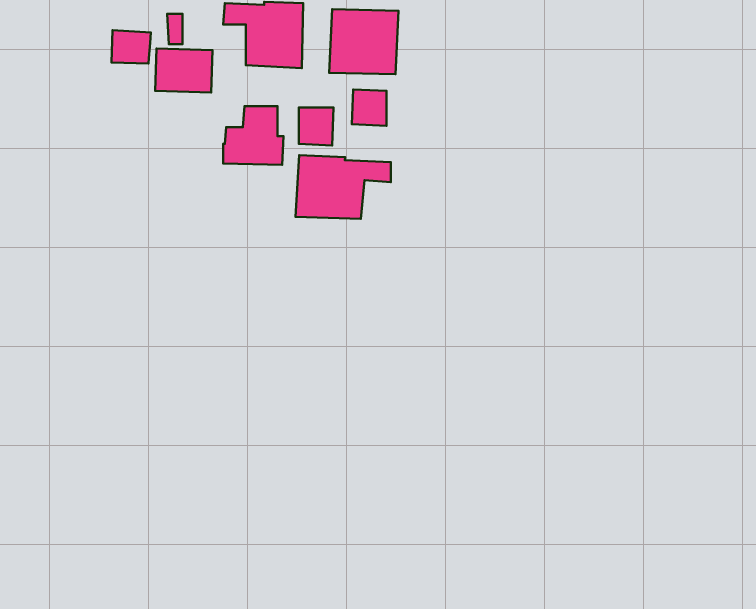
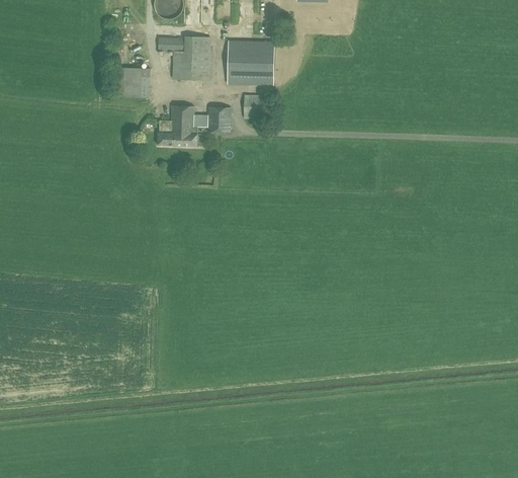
building: [111,30,151,63] -> none
building: [295,155,391,219] -> none

